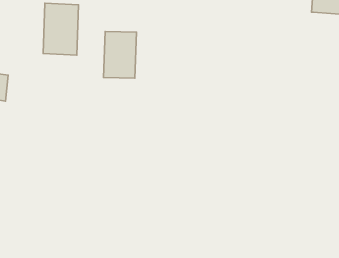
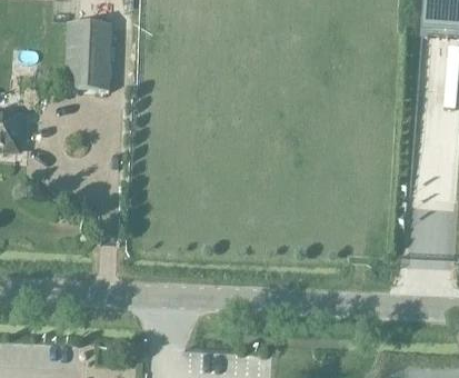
building: [104,32,136,78] -> none

